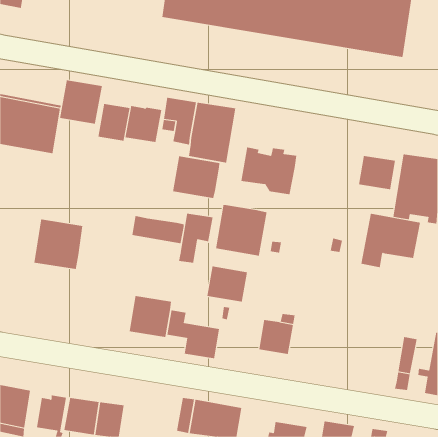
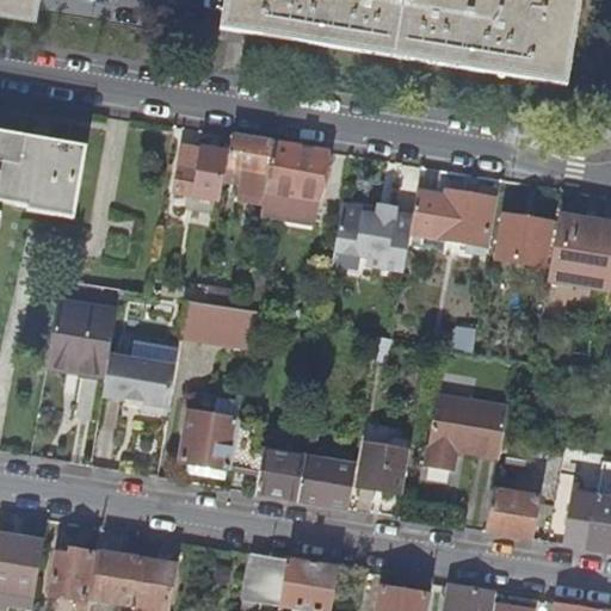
building: [59,79,102,124] -> none
building: [98,103,130,141] -> none
building: none -> [411,190,494,245]
building: [173,156,220,199] -> none
building: [215,204,267,256] -> none
building: [179,213,213,263] -> none
building: [361,213,421,268] -> [426,394,510,470]
building: none -> [103,354,175,415]
building: [207,266,248,302] -> [298,457,356,507]
building: none -> [486,476,538,537]

